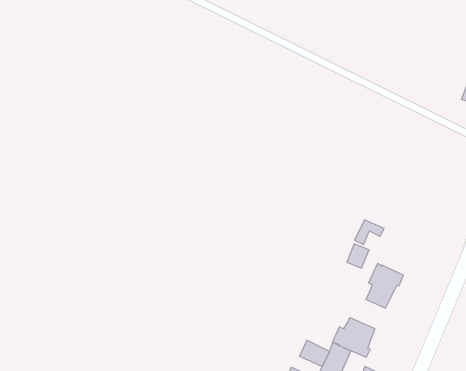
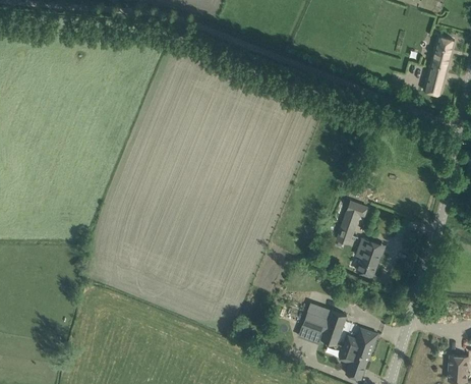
building: [333,318,375,357] -> none

